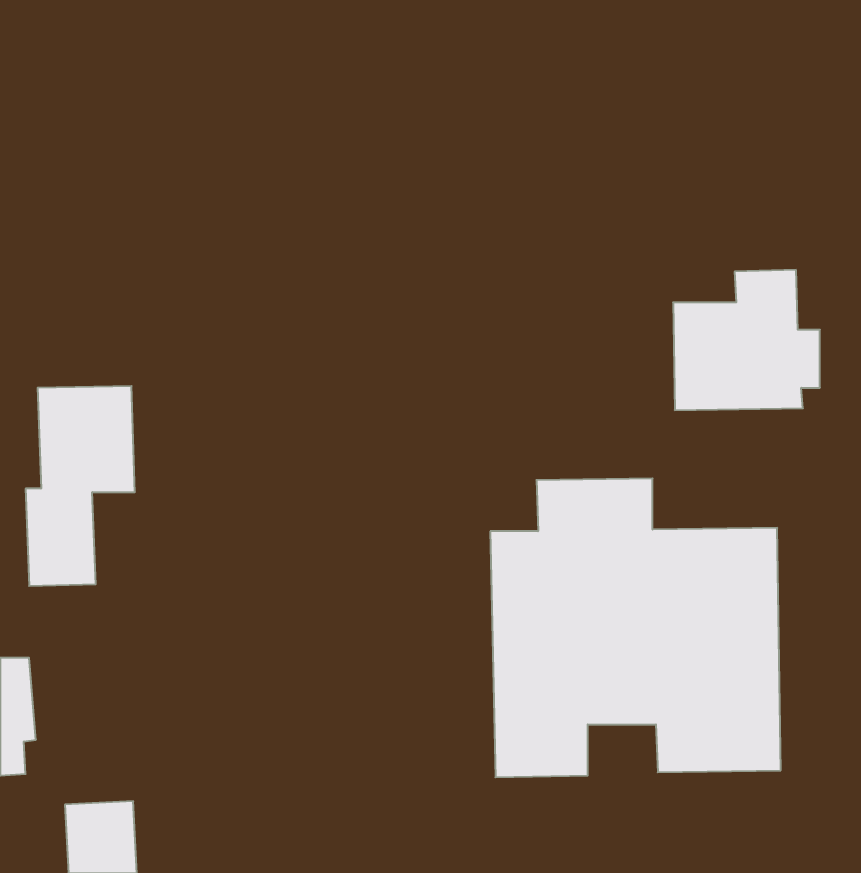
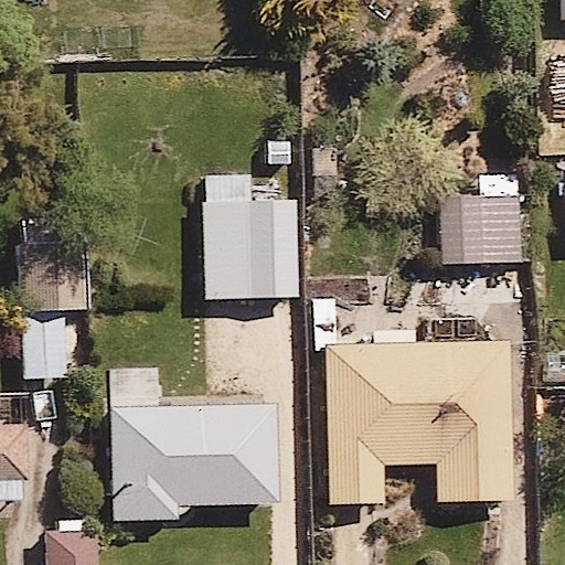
building: none -> [204,173,297,300]
building: none -> [94,403,275,520]

